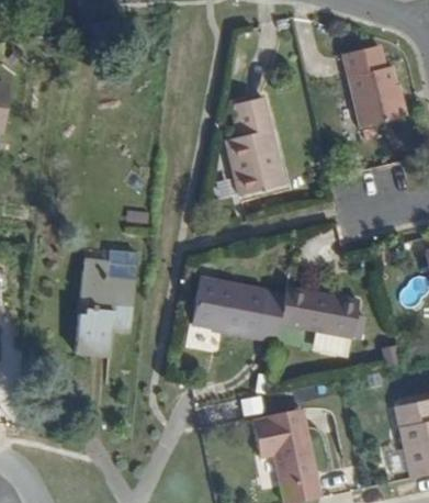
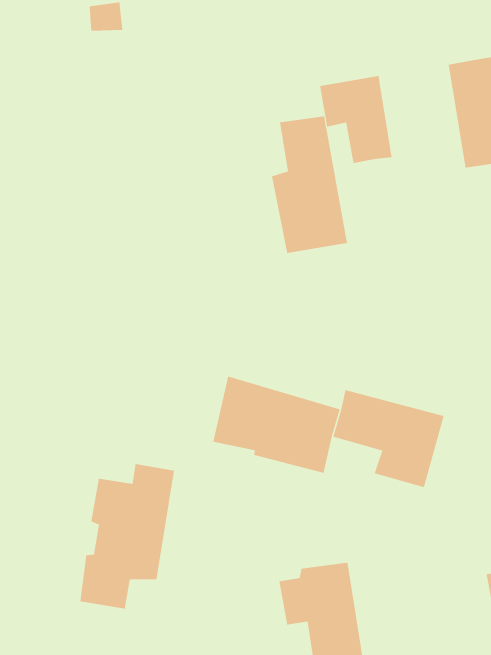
building: none -> [320,75,392,164]
building: [77,249,138,353] -> [79,463,175,609]

